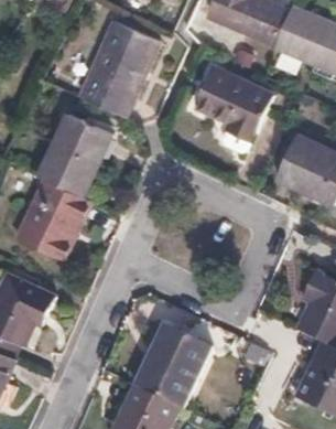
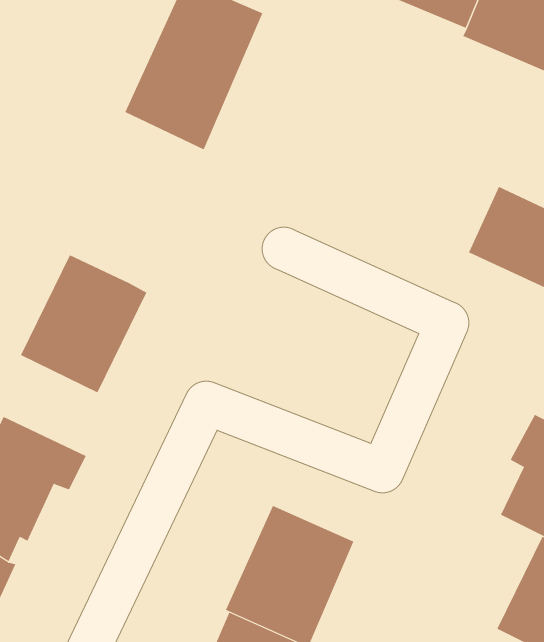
building: [200,71,273,141] -> none
building: [39,112,110,195] -> none

